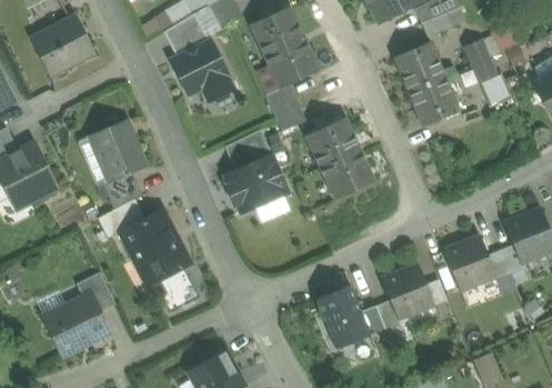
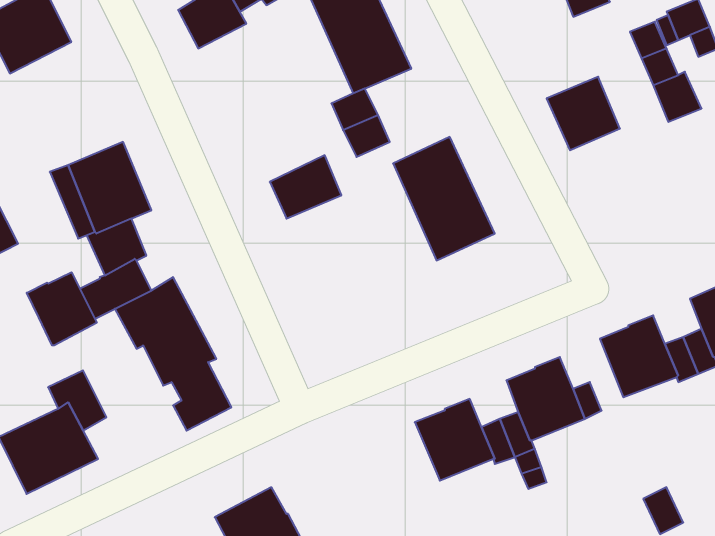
building: [171,40,233,101] -> none
building: [394,42,443,91] -> none
building: [224,156,288,212] -> none
building: none -> [27,272,97,345]

